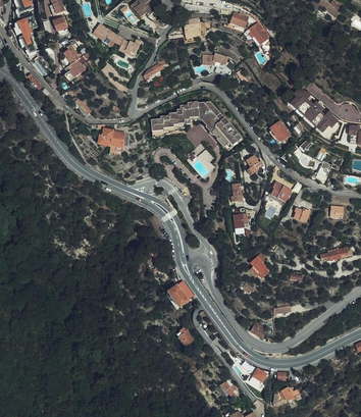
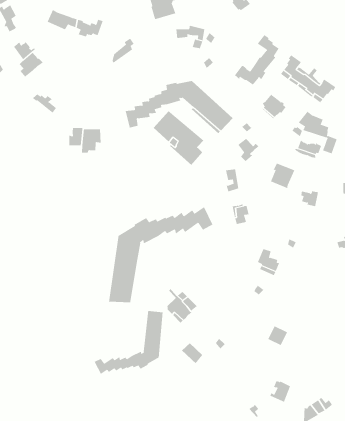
building: none -> [234,34,280,85]
building: none -> [109,206,213,303]
building: none -> [94,310,163,375]

